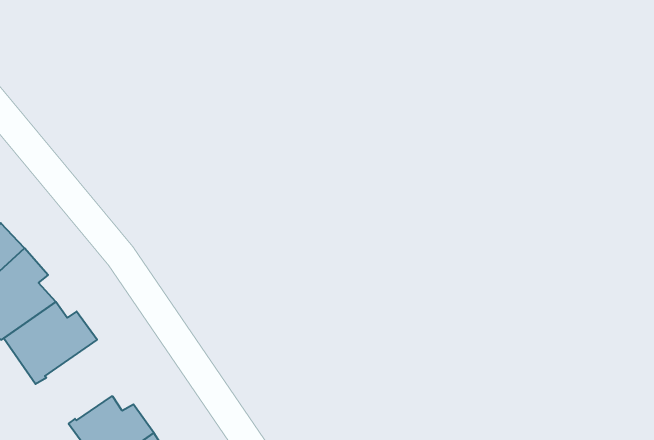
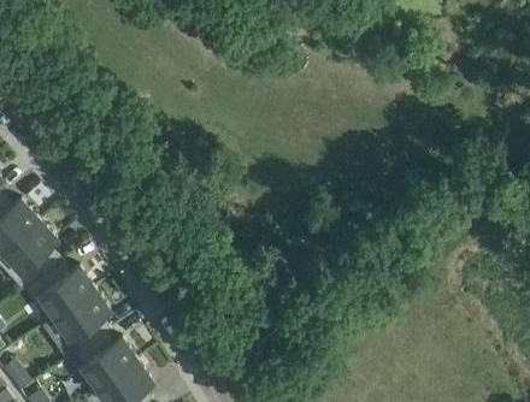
building: none -> [55,290,112,351]

